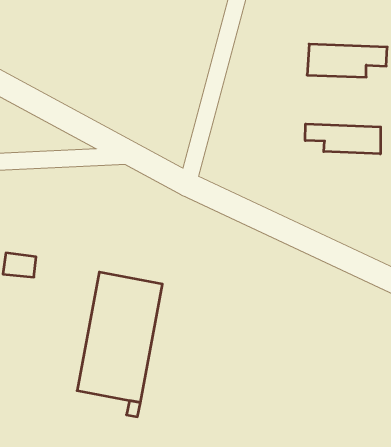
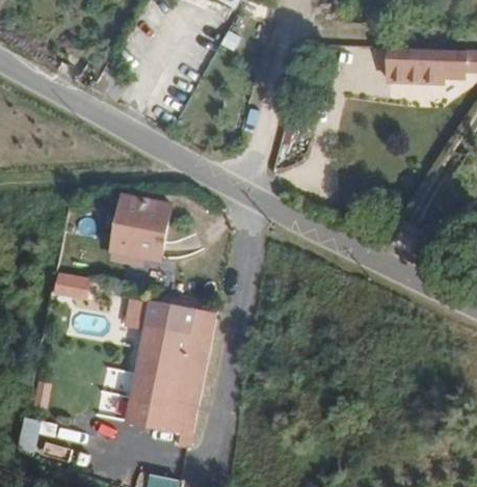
building: [305,124,381,154] -> none
building: none -> [120,196,170,256]

